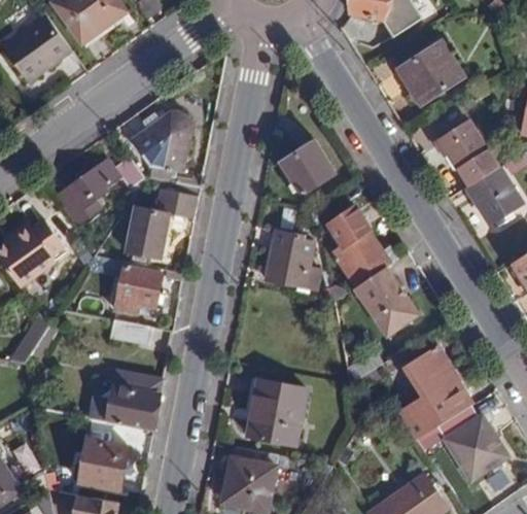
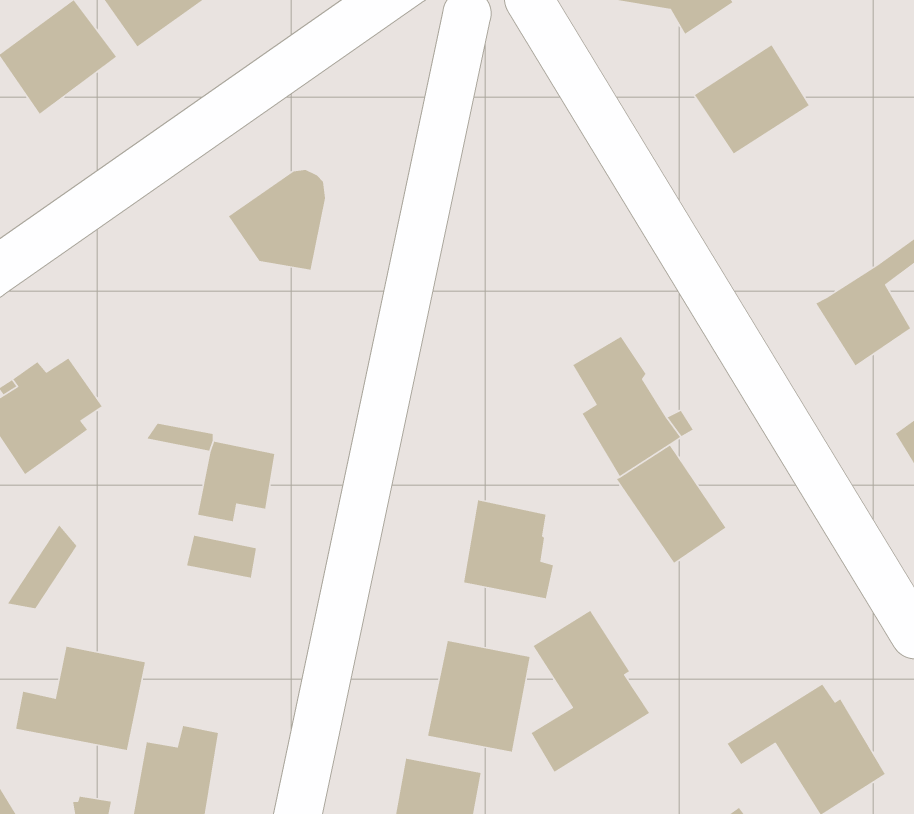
building: [440,115,501,185] -> none
building: [281,141,333,191] -> none
building: [58,157,143,224] -> none
building: [127,184,199,258] -> none
building: [267,232,318,288] -> [463,500,554,599]
building: [402,346,470,439] -> [531,610,650,773]
building: [87,371,162,431] -> [15,646,146,751]

